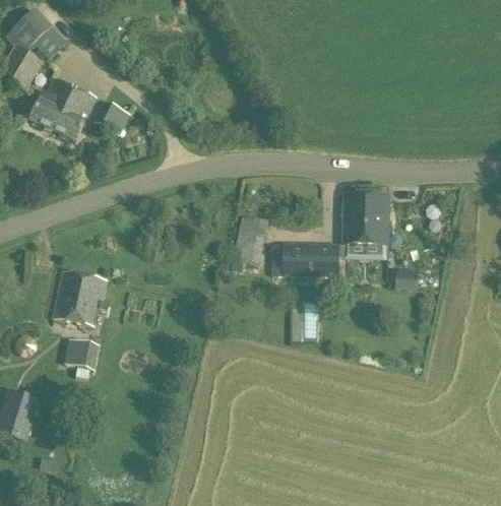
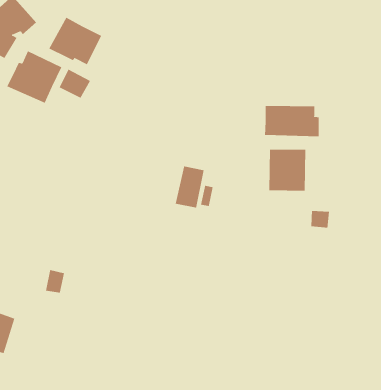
building: none -> [49,17,102,65]
building: none -> [264,105,319,137]
building: [283,242,339,275] -> none
building: [54,271,107,324] -> none

